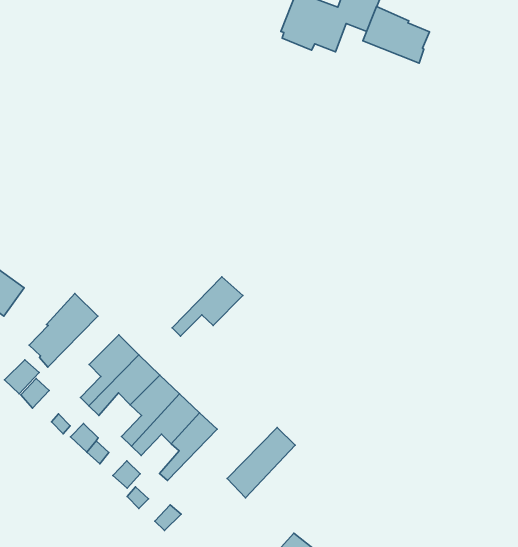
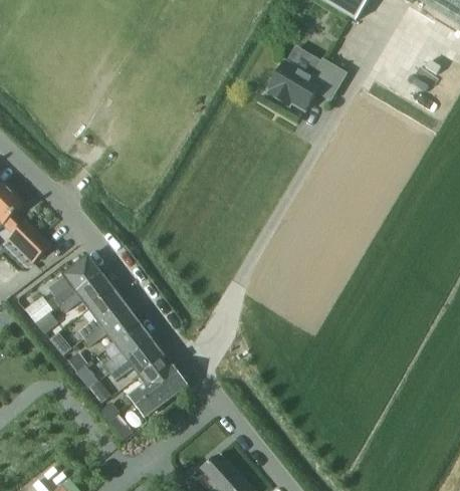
building: [363,6,429,63] -> none
building: [172,277,243,336] -> [59,273,114,311]
building: [227,428,295,498] -> [133,370,186,417]

